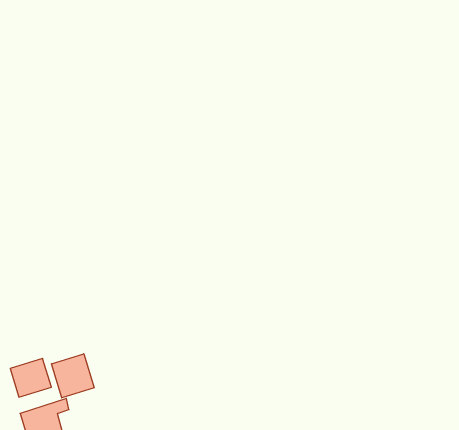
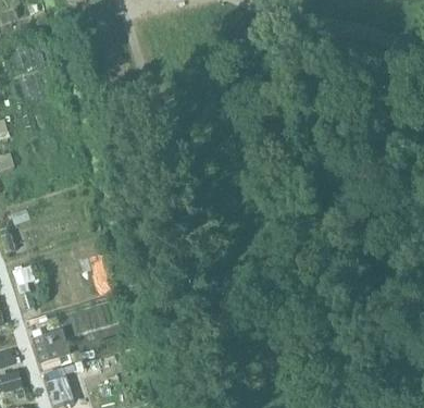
building: [51,354,94,398] -> none

